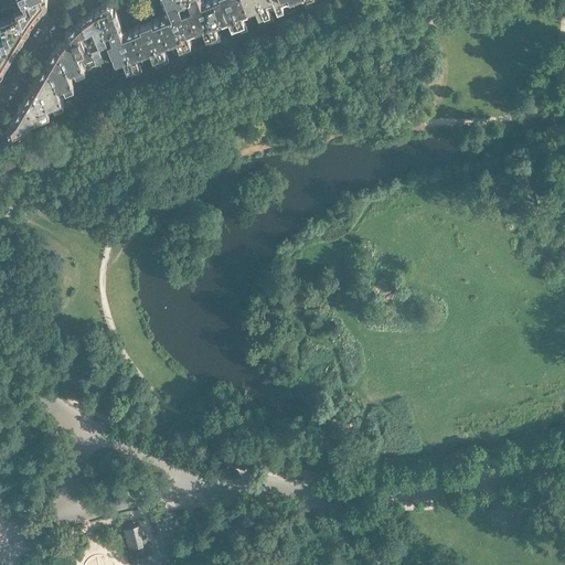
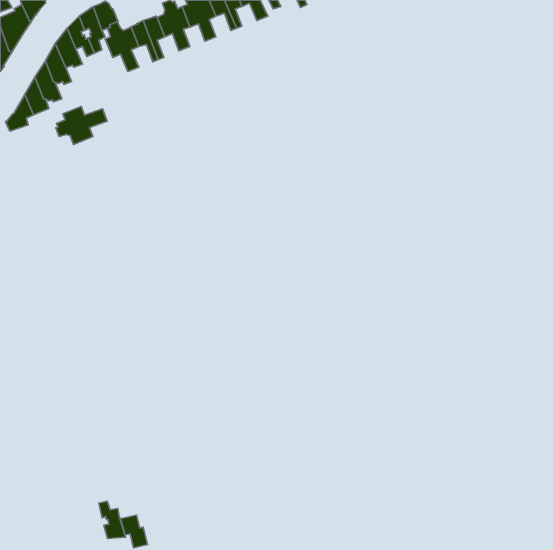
building: none -> [56,106,107,144]
building: none -> [99,501,125,538]

